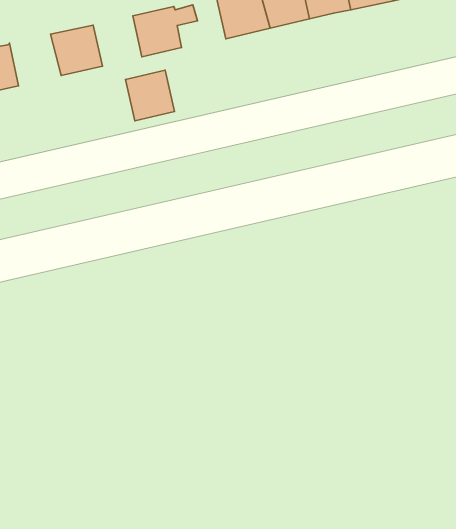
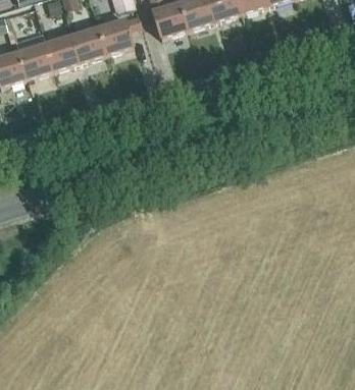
building: none -> [20,44,56,79]
building: [126,70,174,121] -> [74,27,108,62]

